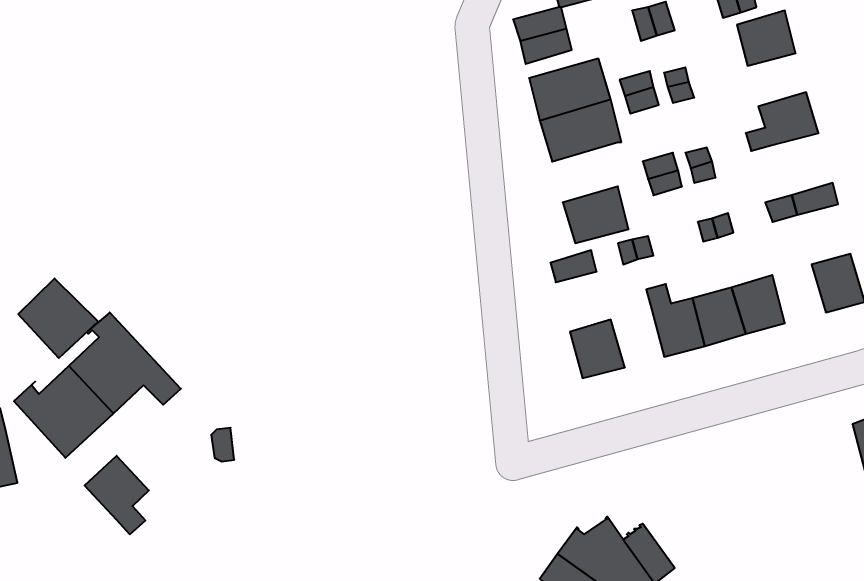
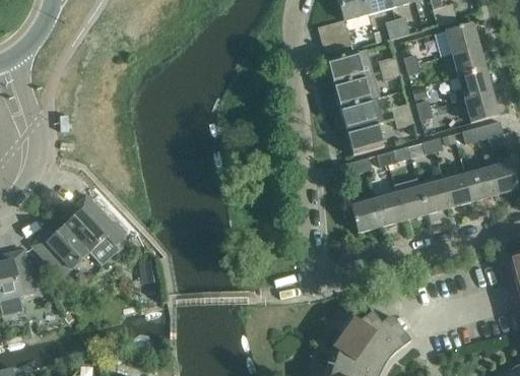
building: none -> [452,46,485,76]
building: none -> [465,91,499,122]
building: none -> [340,97,384,131]
building: none -> [466,167,497,200]
building: [18,278,98,358] -> none
building: none -> [374,192,404,226]
building: [85,456,149,534] -> none

